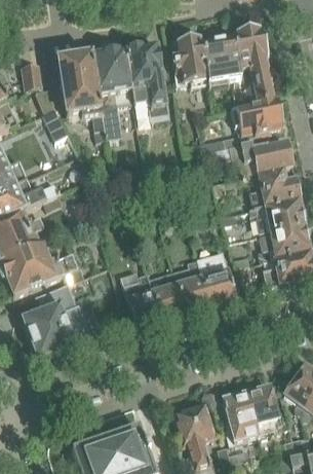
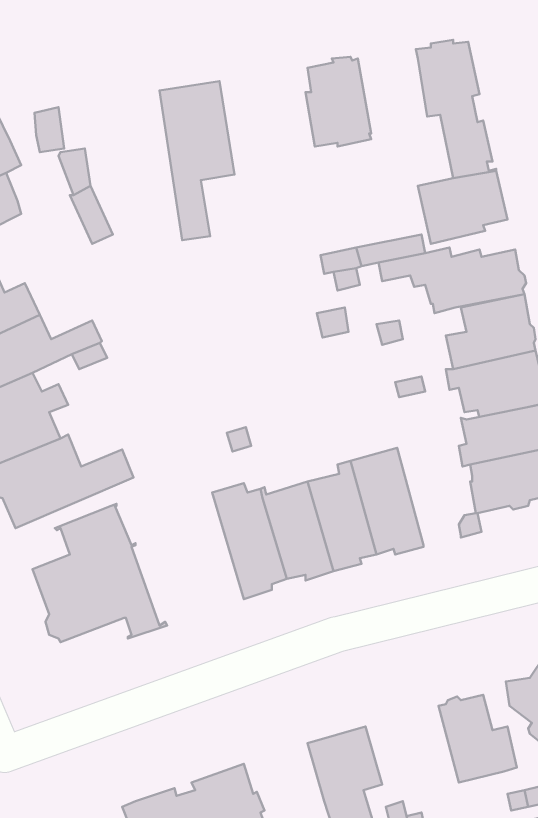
building: [201,36,241,86] -> none
building: [125,42,168,118] -> none
building: [57,53,105,139] -> none
building: [223,391,257,442] -> none

